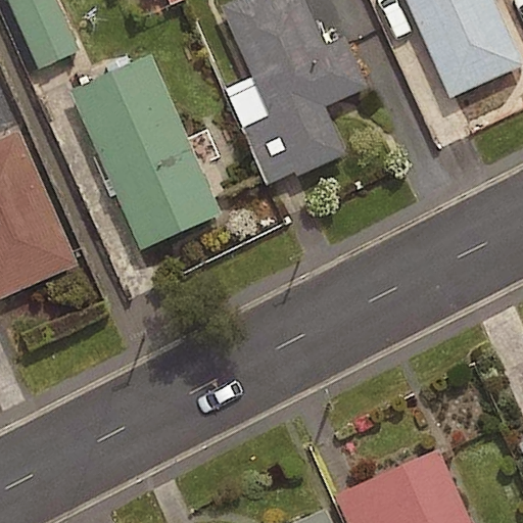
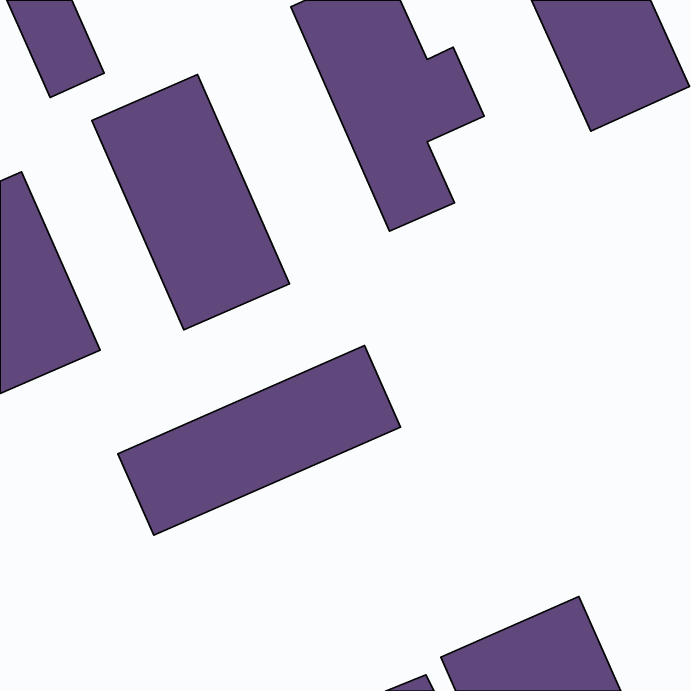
building: none -> [118,346,401,535]

